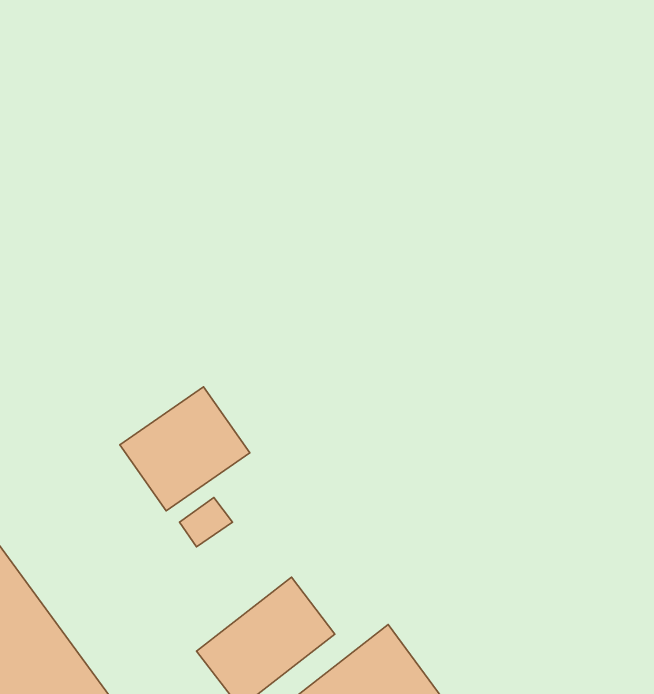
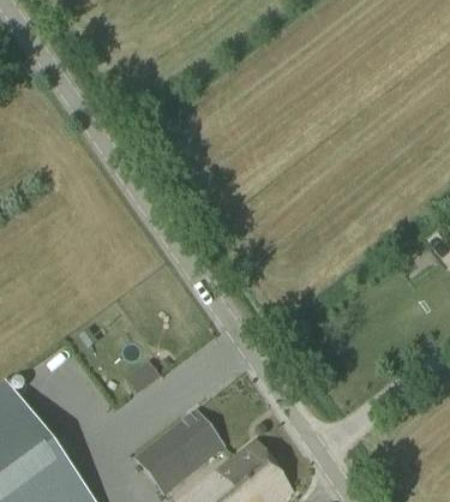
building: [120,387,250,511] -> none

